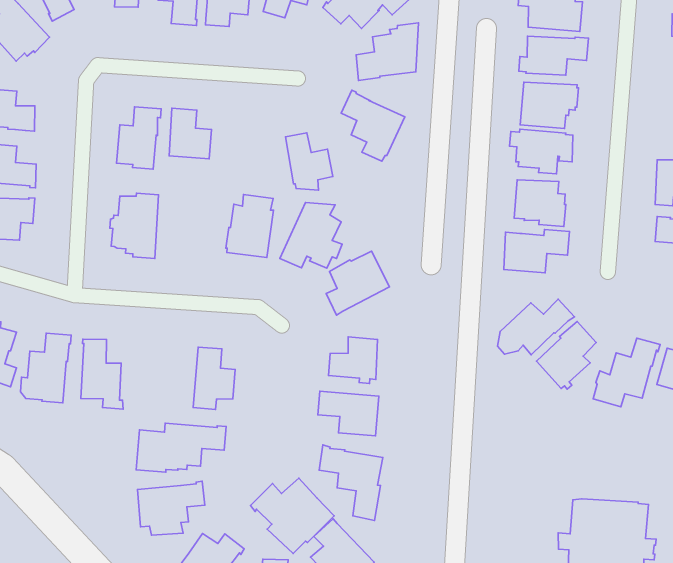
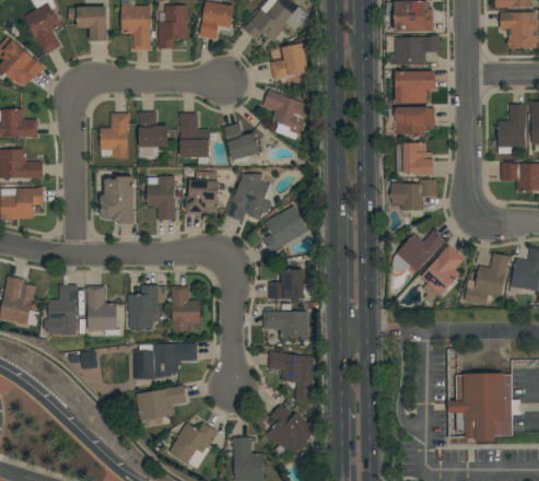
building: none -> [179,113,210,163]
building: none -> [147,175,175,219]
building: none -> [128,284,165,328]
building: [251,478,334,554] -> none

